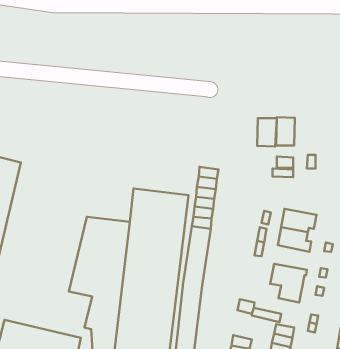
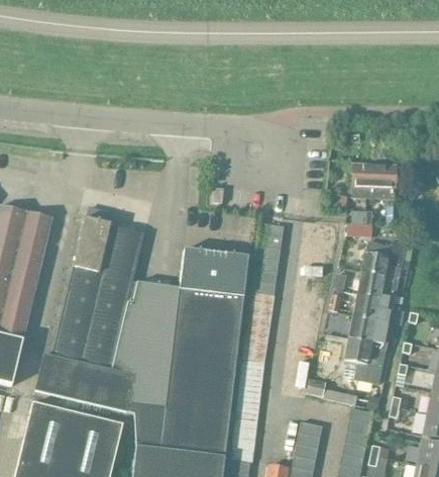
building: [257,118,277,147] -> [372,165,396,198]
building: none -> [35,216,140,411]
building: none -> [361,241,405,279]
building: none -> [349,314,392,344]

